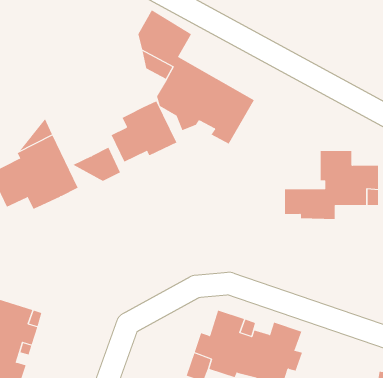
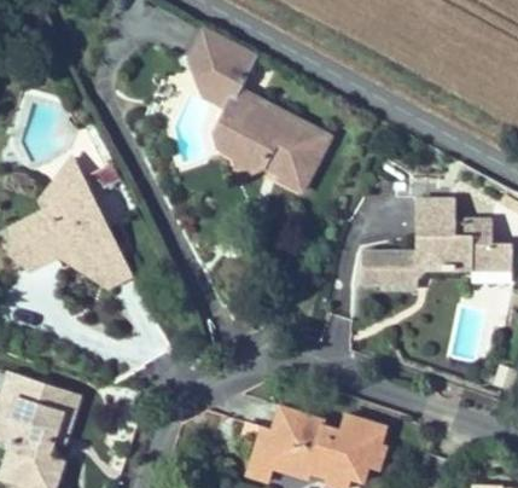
building: [111,101,177,162] -> none
building: [72,147,121,181] -> [72,248,132,290]

